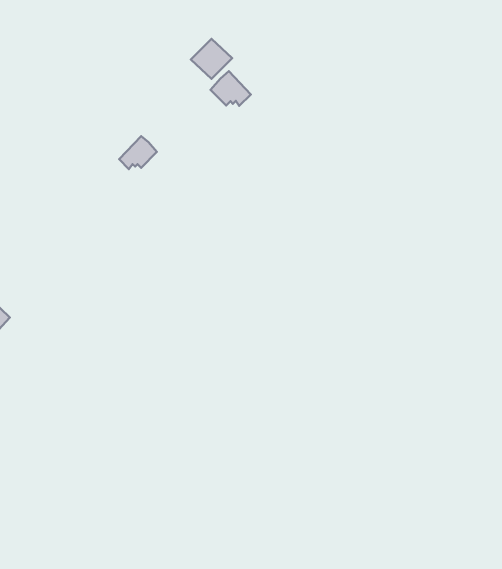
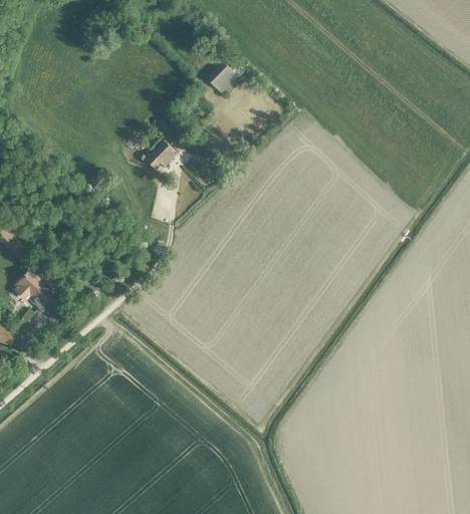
building: [210,71,251,106] -> none

